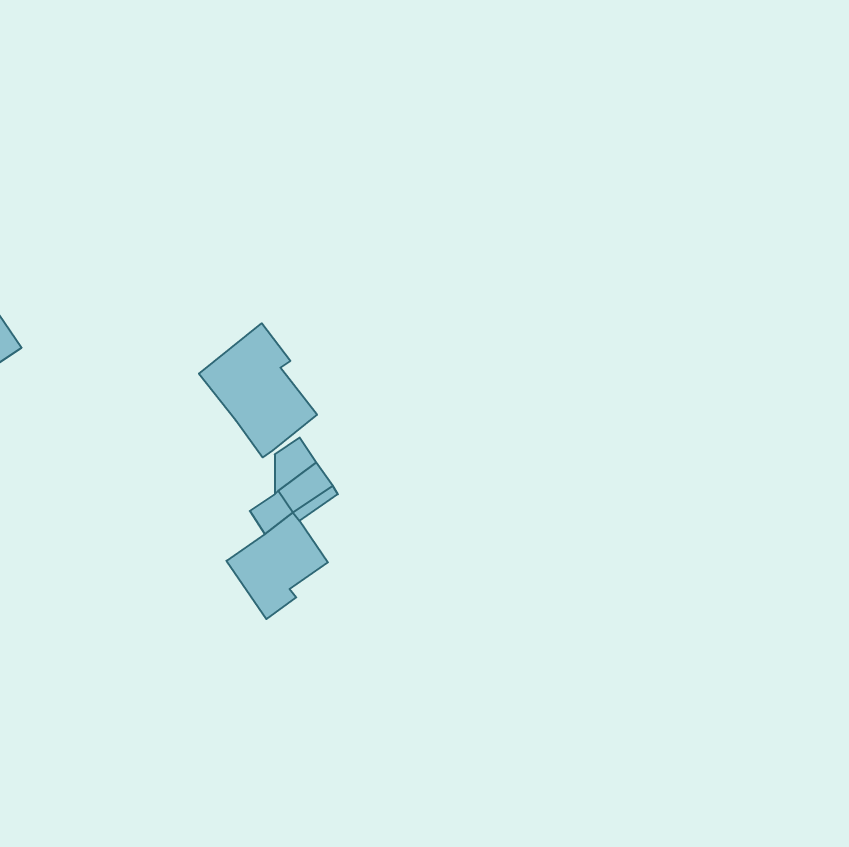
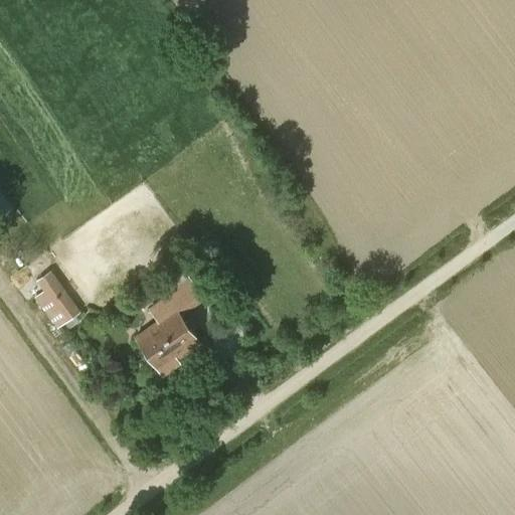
building: [199,323,317,457] -> none
building: none -> [36,273,79,329]

